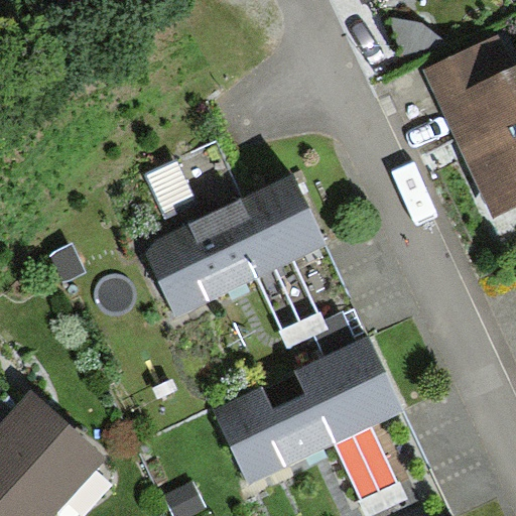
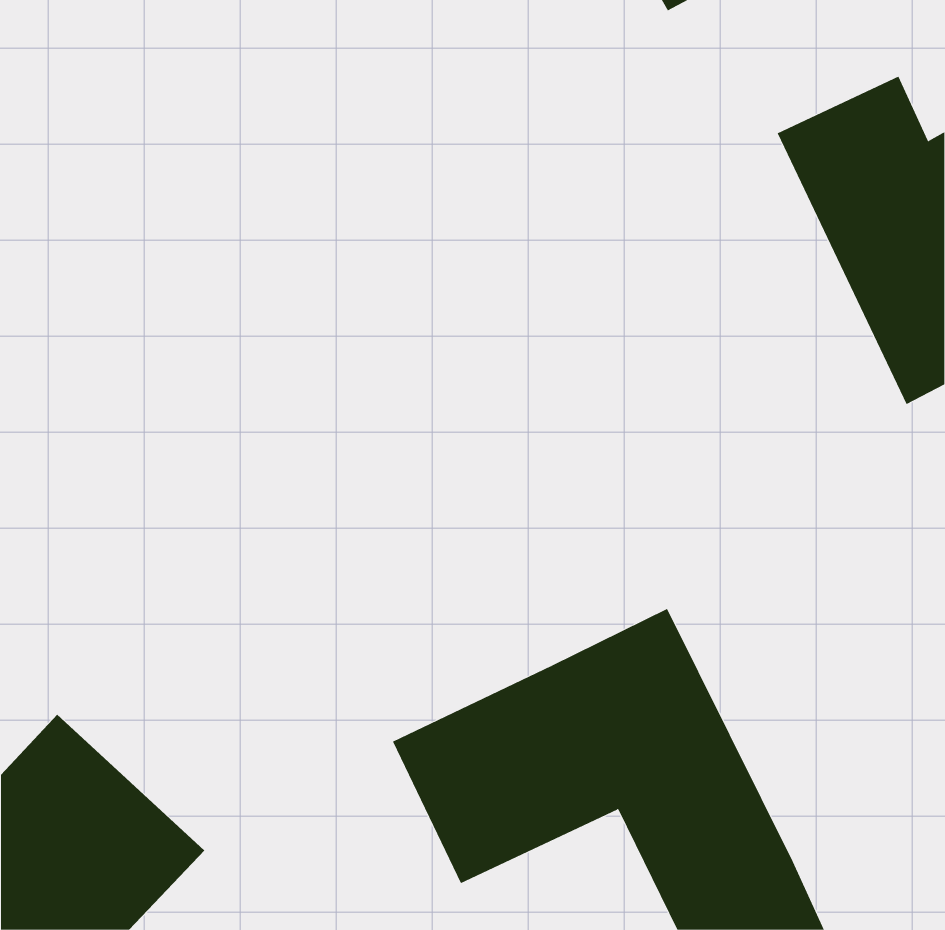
building: [143,179,364,363] -> none

